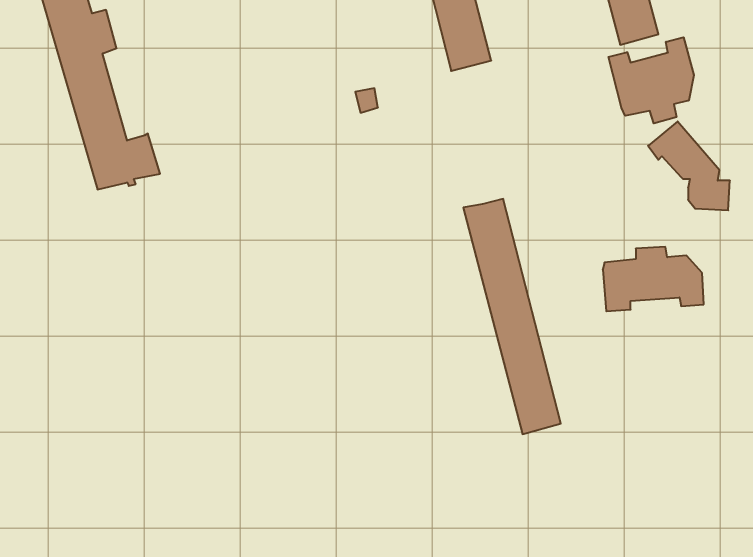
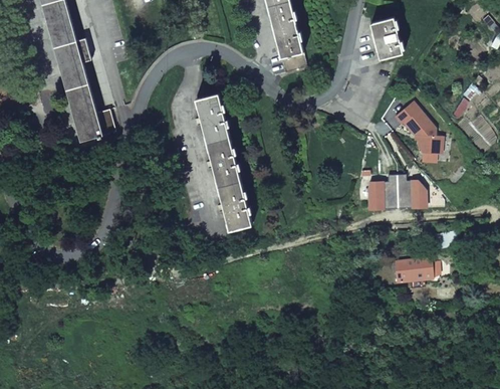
building: [608,37,694,123] -> none
building: [463,199,561,434] -> [194,93,250,229]
building: none -> [394,256,435,283]

